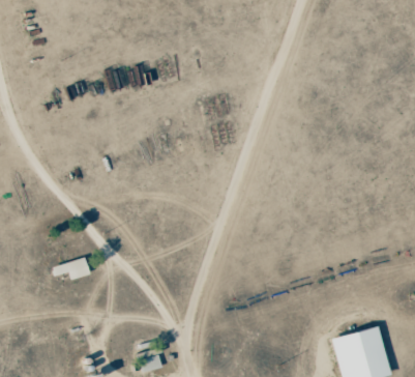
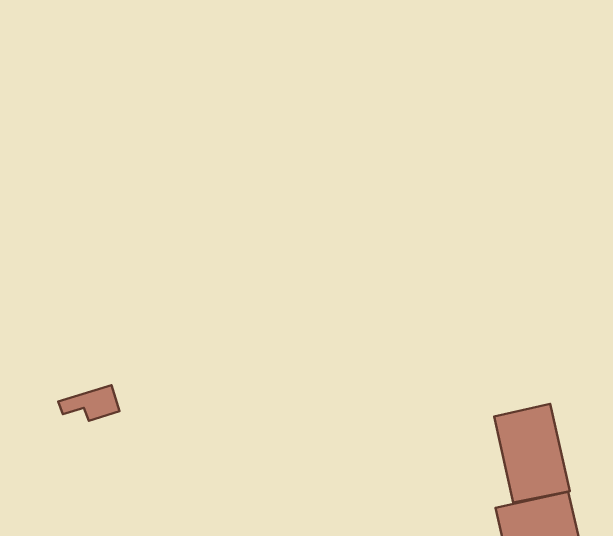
building: none -> [494,404,570,502]

